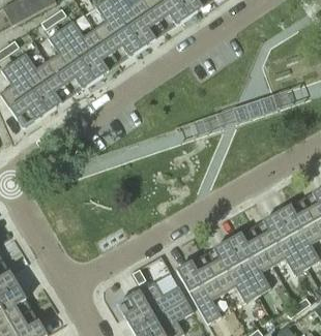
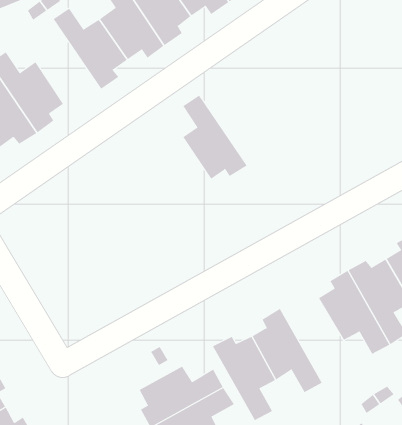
building: [48,28,95,90] -> [182,95,247,180]
building: [227,233,273,295] -> none

